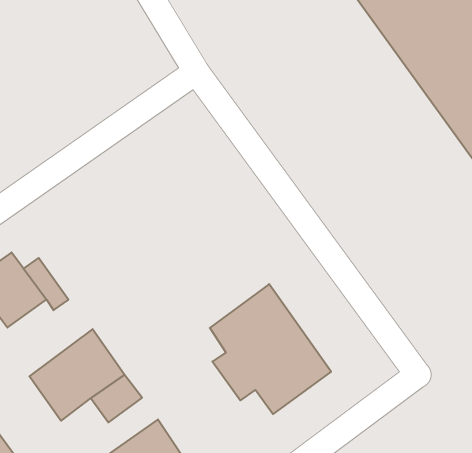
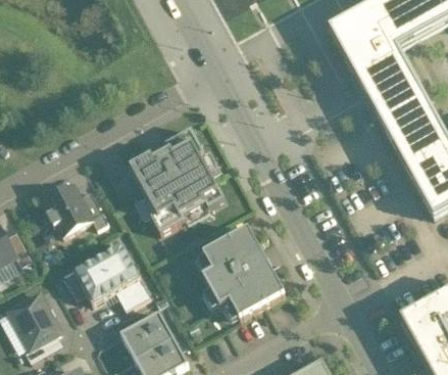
building: none -> [127,127,221,233]

